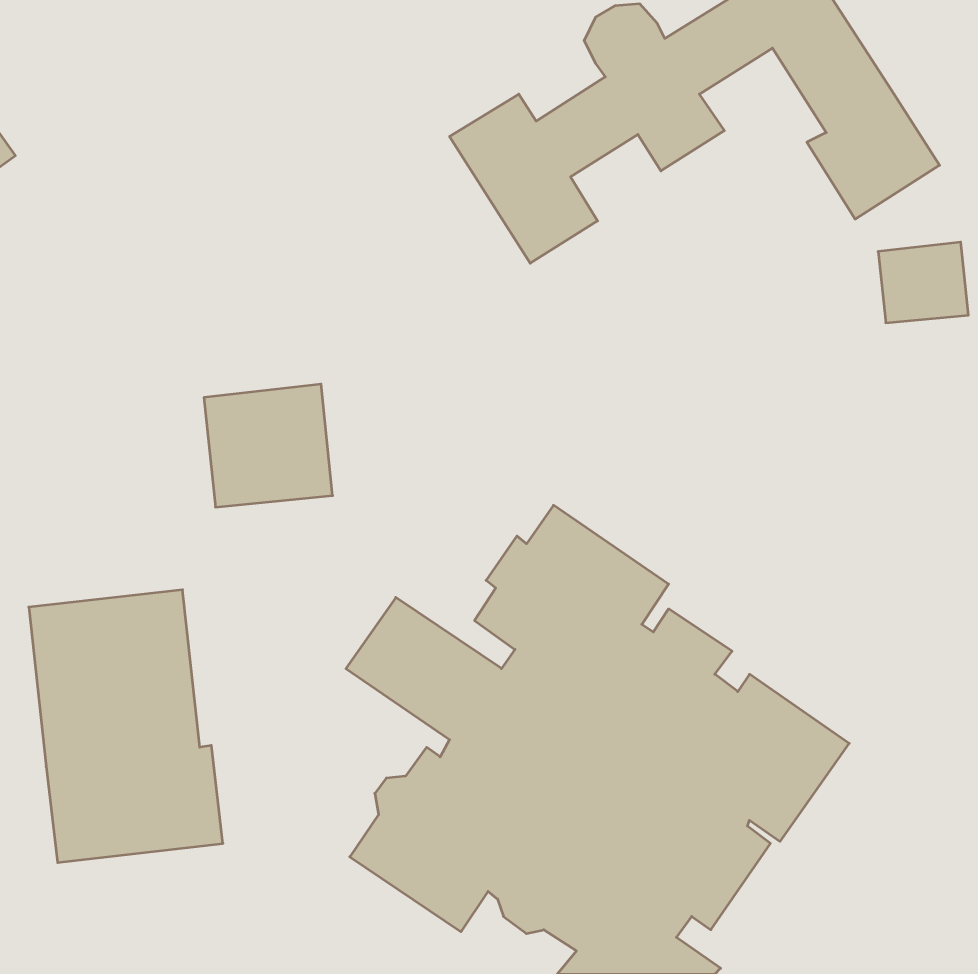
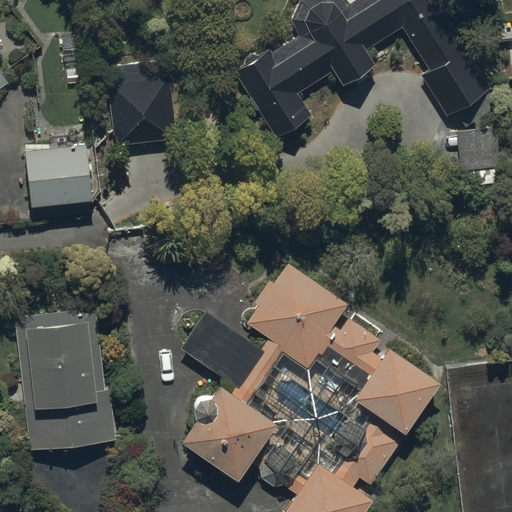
building: none -> [107,74,176,144]
building: [204,384,333,507] -> [27,145,94,209]

